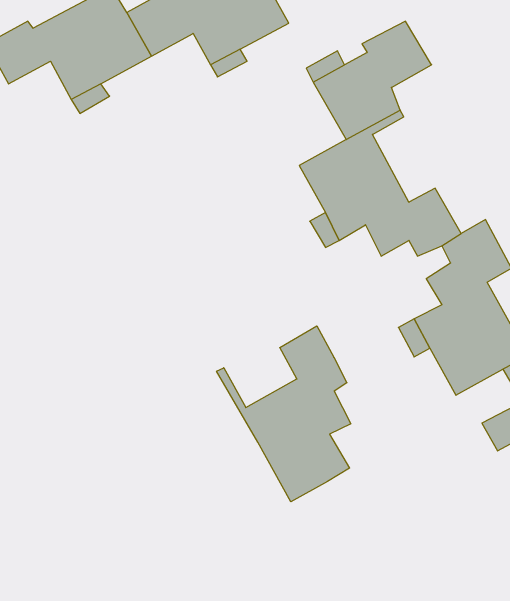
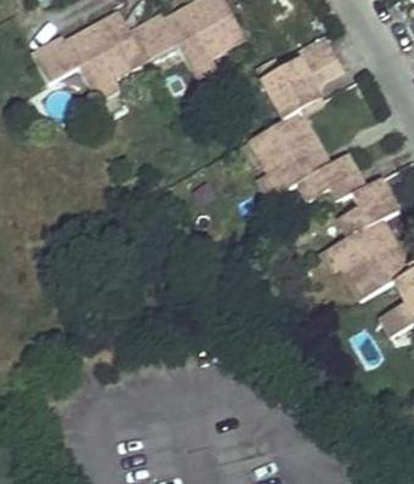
building: [217,326,351,502] -> none

